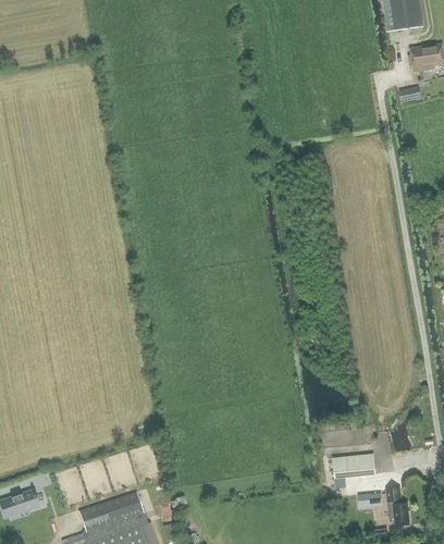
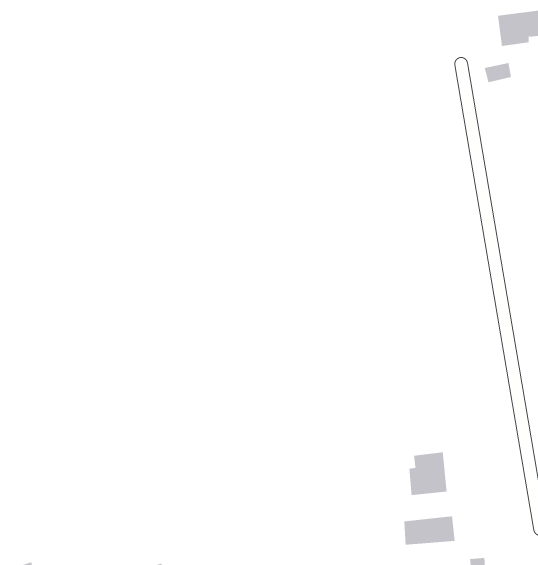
building: none -> [409,452,447,496]

